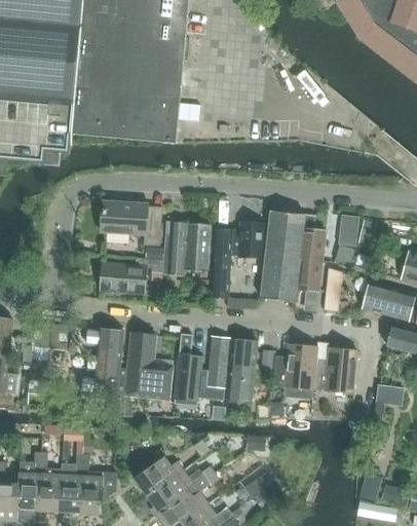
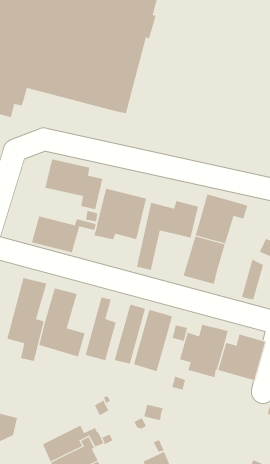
building: [296,228,325,291] -> none
building: [134,456,183,495] -> none

